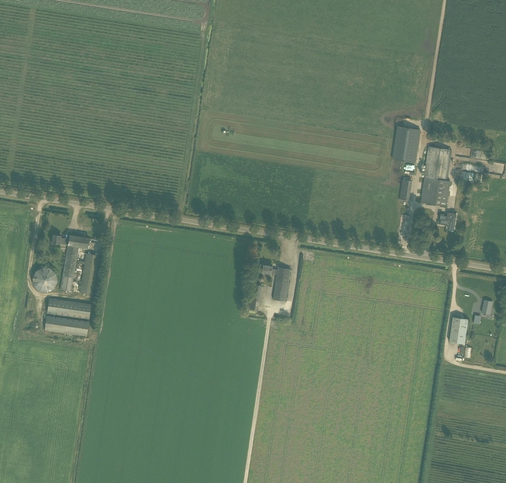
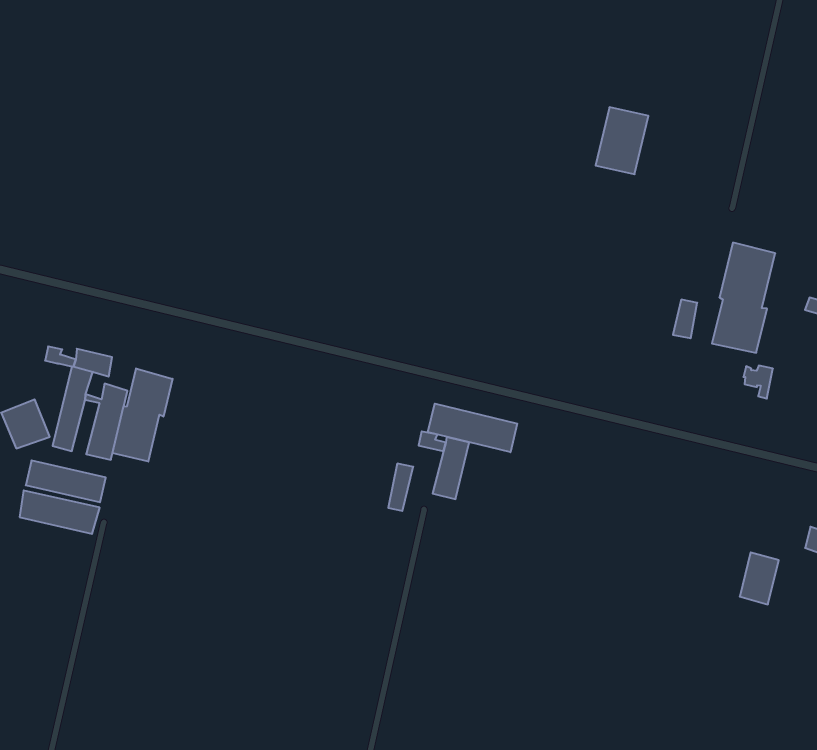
building: [392,126,419,162] -> [596,107,648,174]
building: none -> [112,368,173,462]
building: none -> [428,404,517,452]

